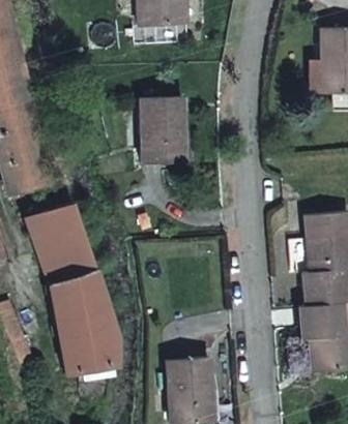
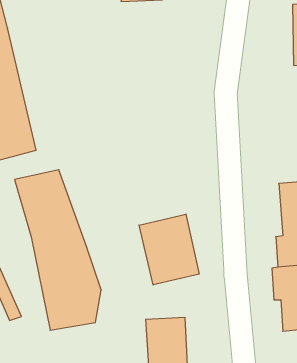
building: [139,98,183,163] -> none
building: none -> [139,214,199,285]

